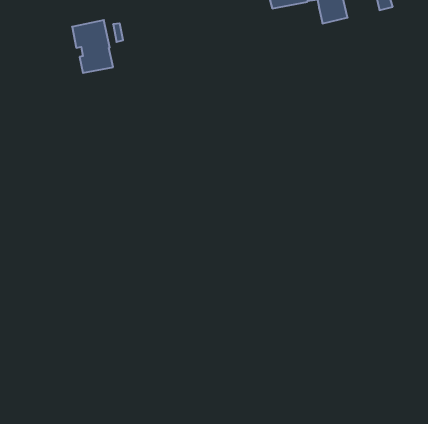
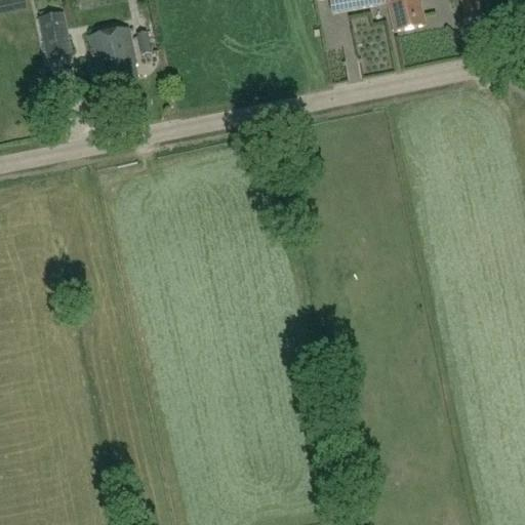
building: none -> [38,10,71,54]

